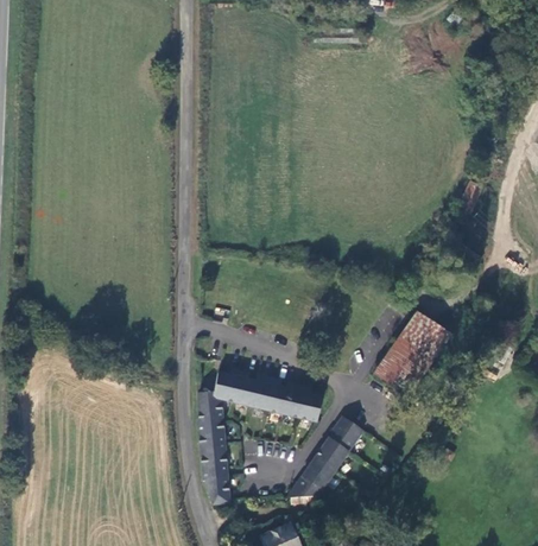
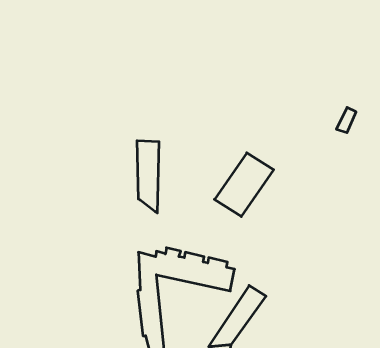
building: none -> [137,141,159,213]
building: [374,310,452,394] -> [214,153,274,217]

